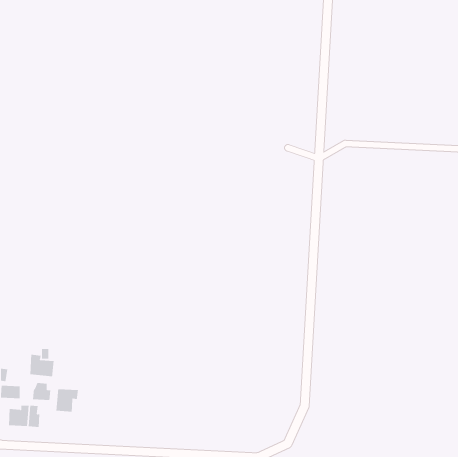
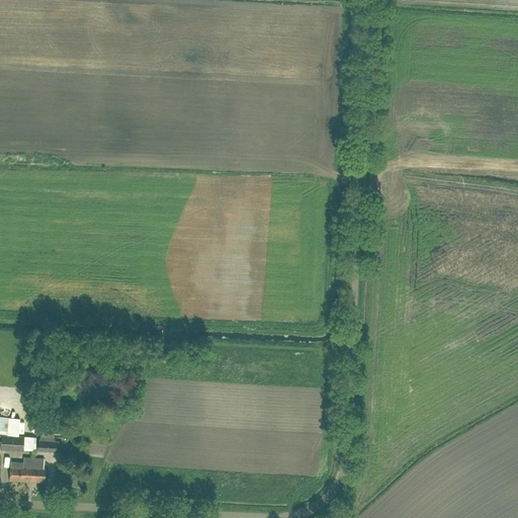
building: [30,354,54,377] -> none
building: [56,389,79,412] -> none

